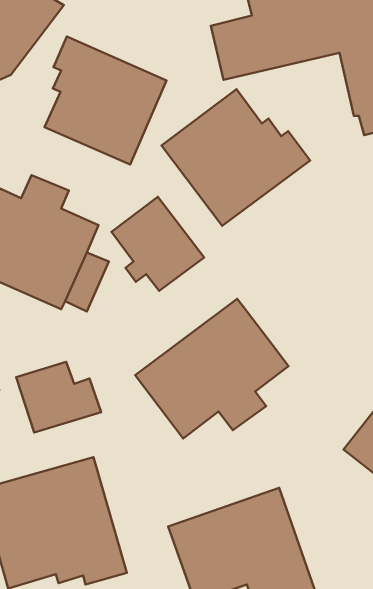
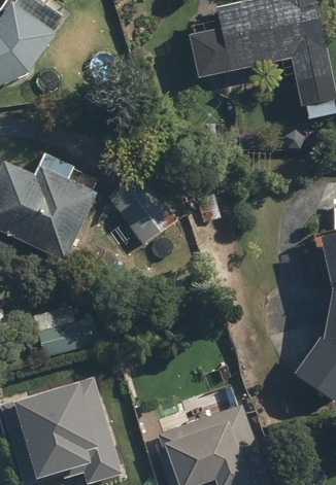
building: [45,37,167,164] -> none
building: [162,89,310,226] -> none
building: [135,299,288,439] -> none

